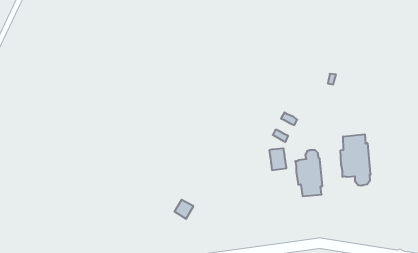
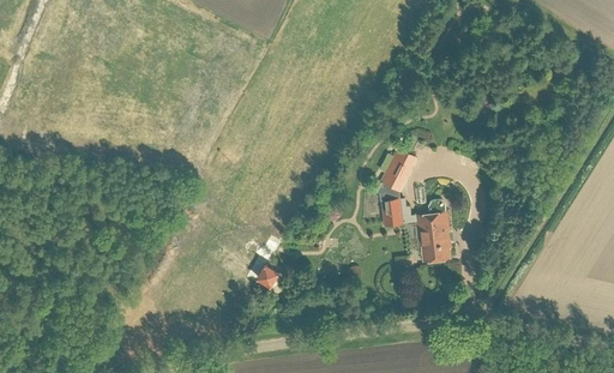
building: [341,134,371,186] -> none

